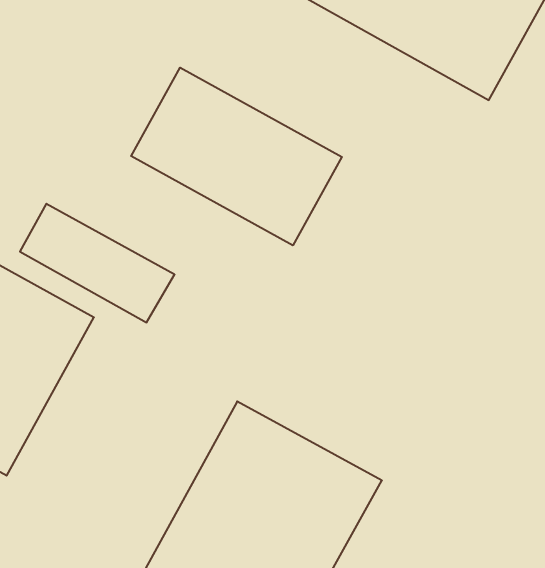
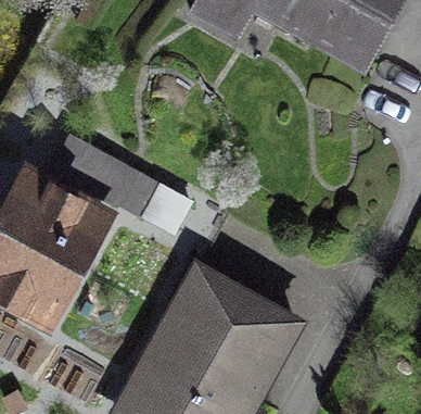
building: [131,68,342,245] -> none

